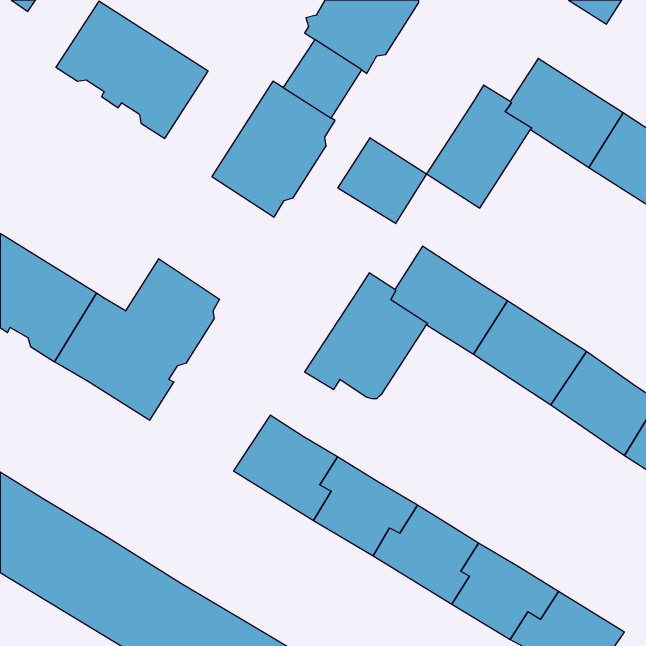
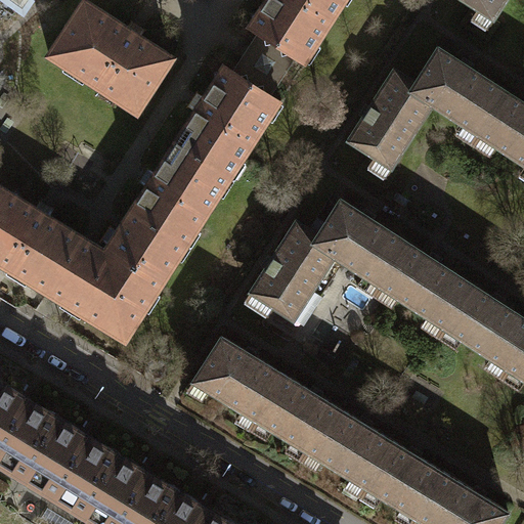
building: [338,138,426,224] -> none
building: none -> [130,144,223,244]

